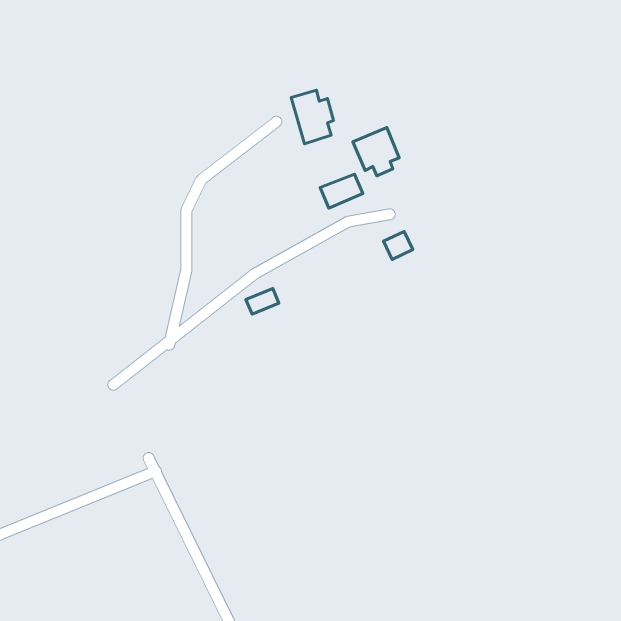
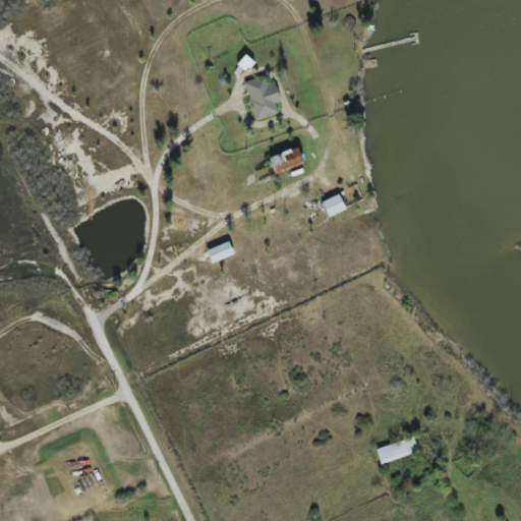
building: [353,127,399,176] -> none
building: none -> [377,436,418,464]

